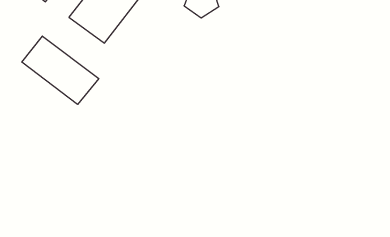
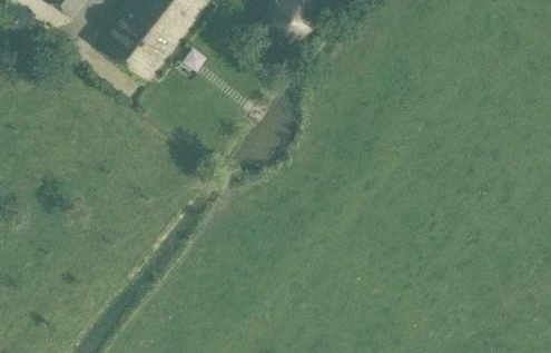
building: [22,36,99,104] -> none

